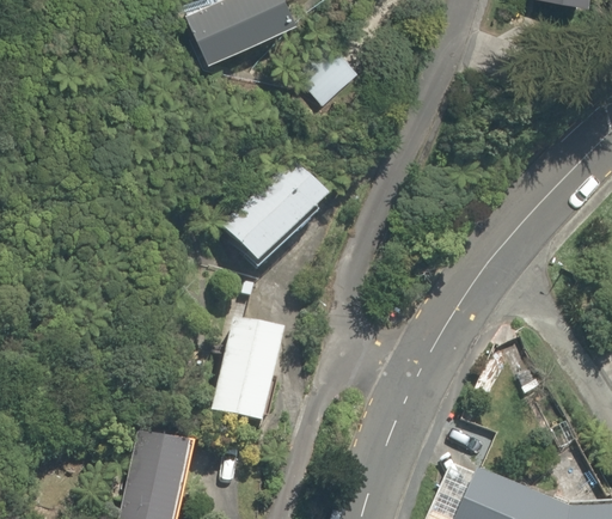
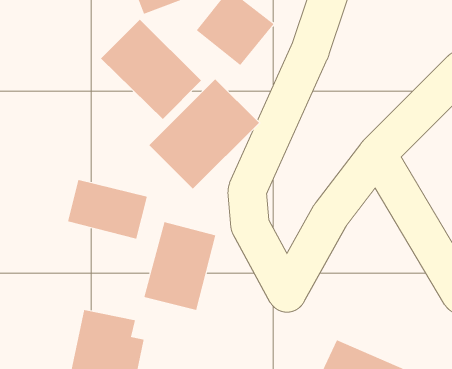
building: none -> [100,19,202,120]
building: none -> [67,179,148,240]

